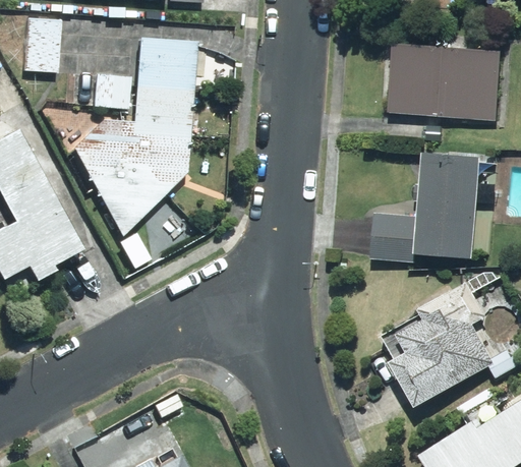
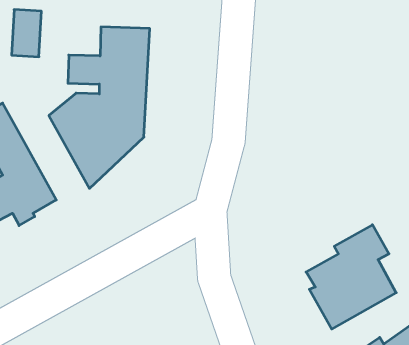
building: [389,42,503,120] -> none
building: [372,154,478,259] -> none

